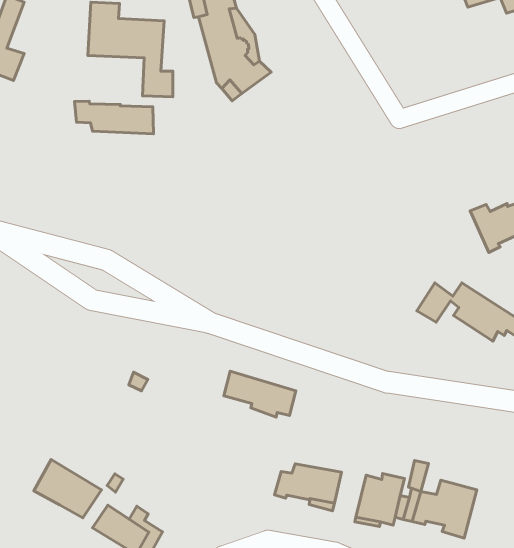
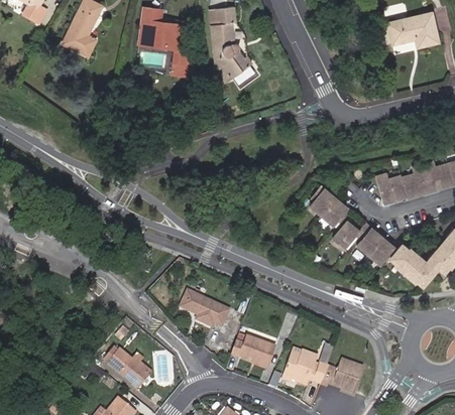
building: [74,101,153,134] -> none
building: none -> [313,188,353,227]
building: [224,371,296,417] -> [179,288,227,322]
building: [34,459,101,518] -> none

